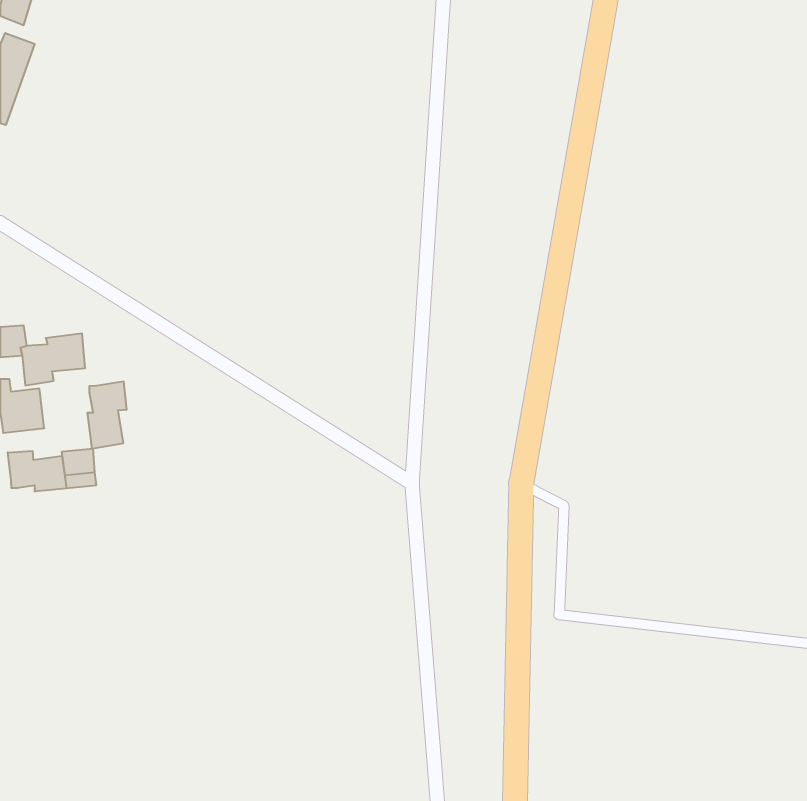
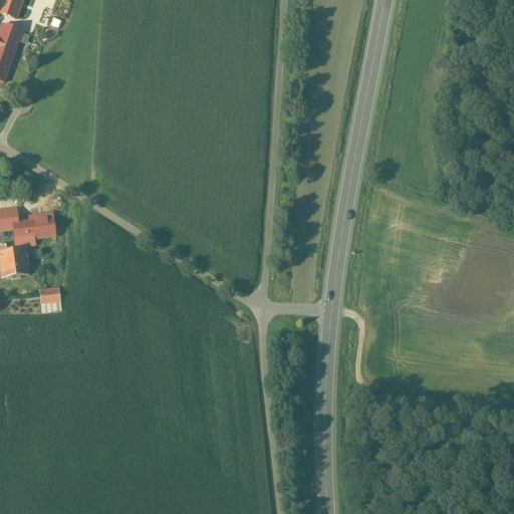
building: [87,381,126,449] -> none
building: [8,451,66,492] -> none

